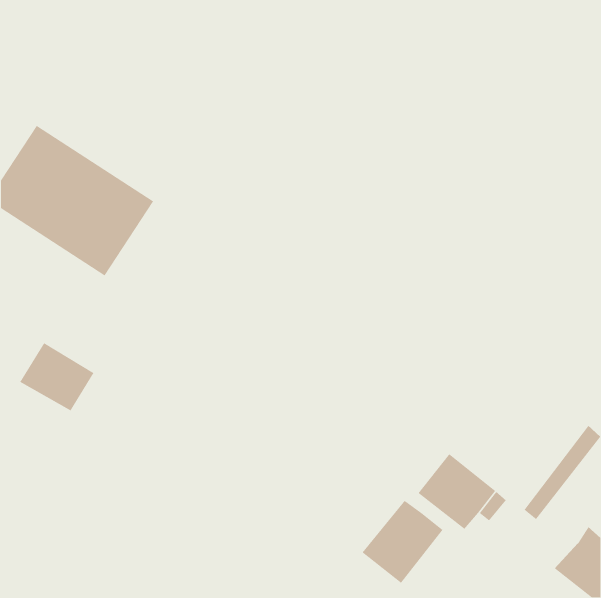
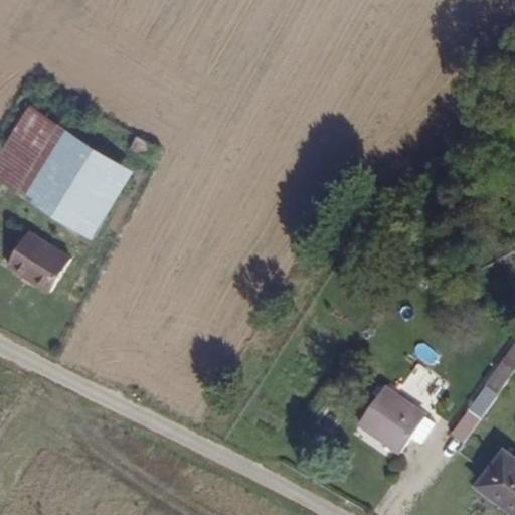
building: [19,342,94,412] -> [5,232,69,292]
building: [362,500,444,584] -> none

